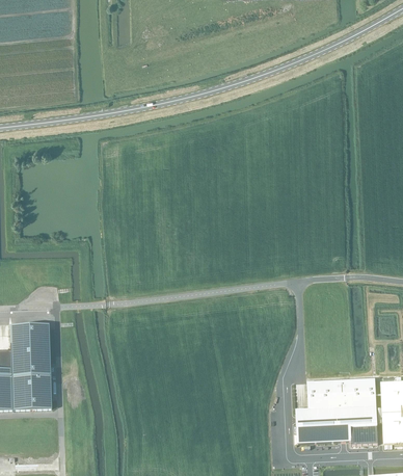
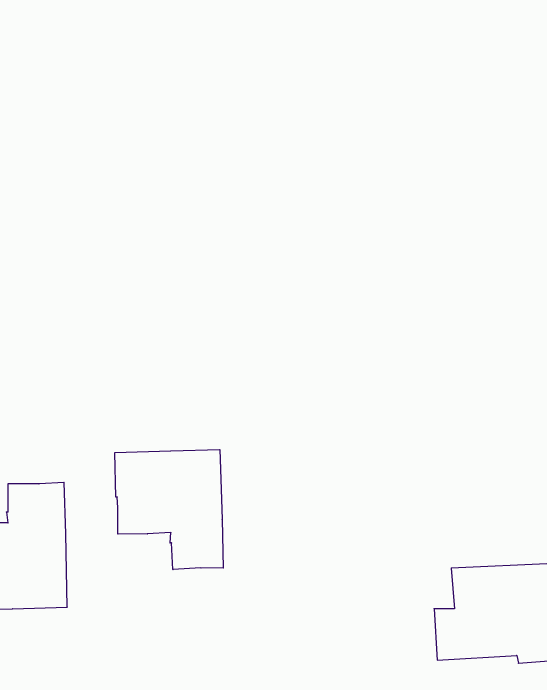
building: none -> [115,450,223,570]

